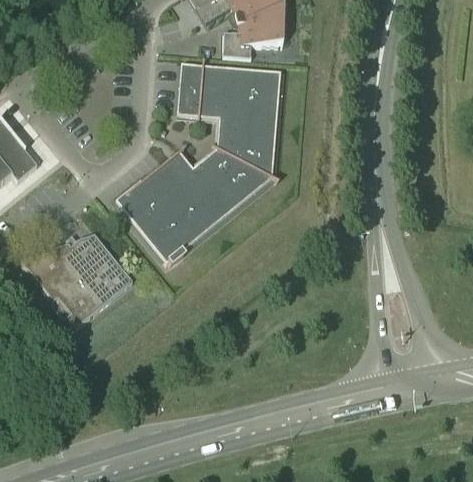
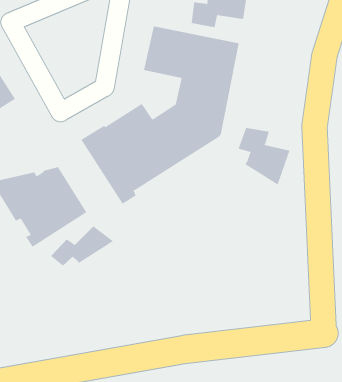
building: none -> [238,127,290,186]
building: none -> [50,226,114,267]

